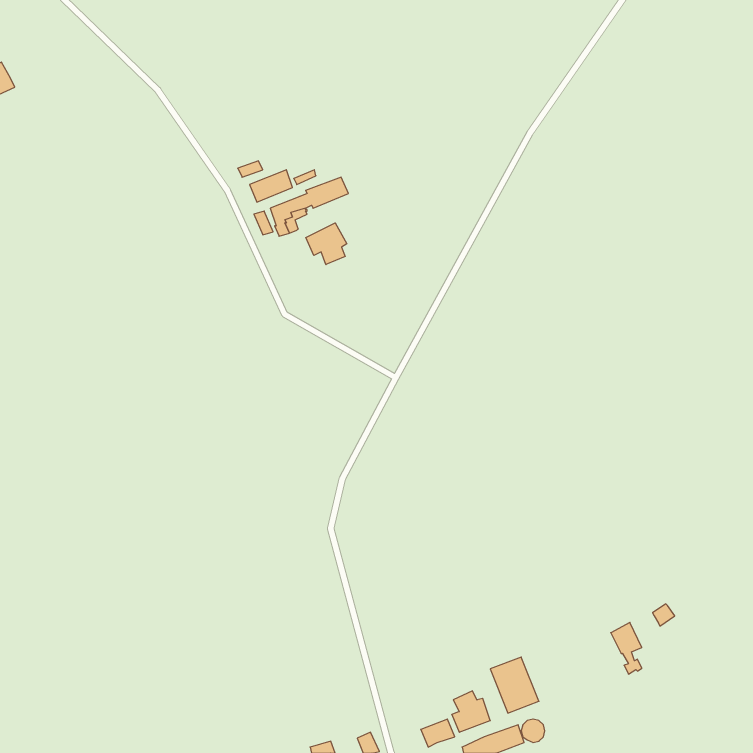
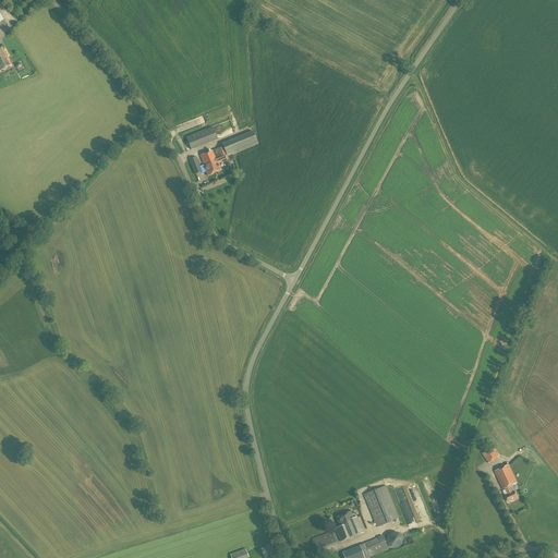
building: [306,223,347,265] -> none
building: [611,622,642,674] -> [494,463,517,501]

